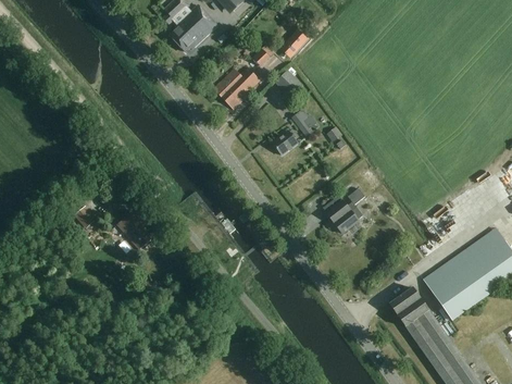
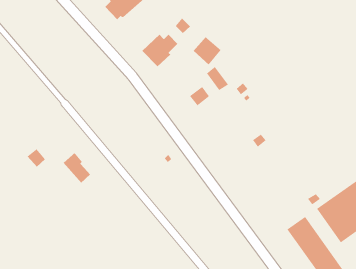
building: [324,195,364,233] -> none

